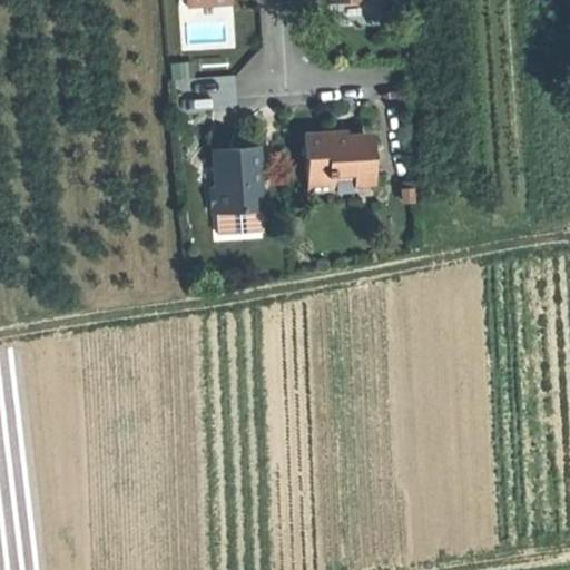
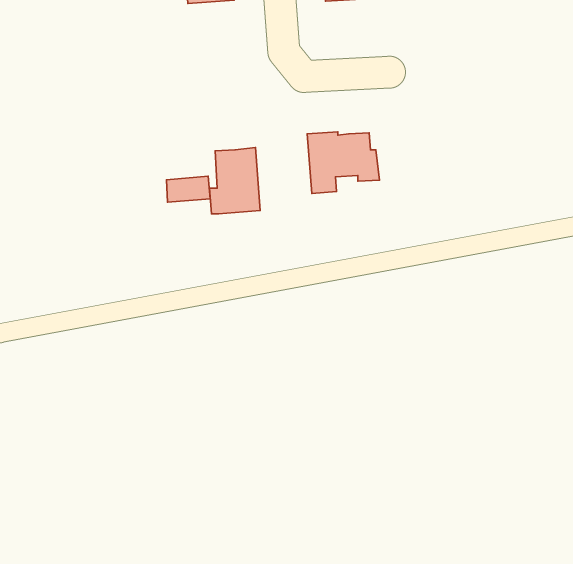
building: [218,208,262,234] -> [166,176,210,202]

